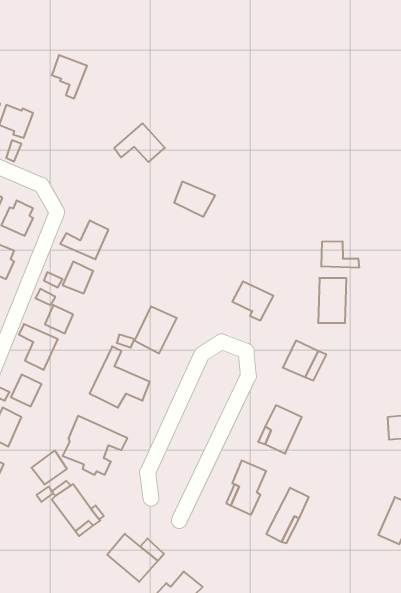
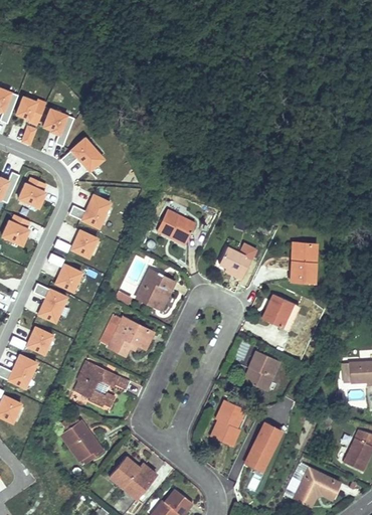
building: [52,55,87,99] -> [44,109,74,146]
building: [114,123,165,162] -> [61,138,105,171]
building: [174,181,215,217] -> [154,210,189,240]
building: [321,241,359,268] -> none
building: [31,450,67,485] -> none
building: none -> [293,469,337,507]

